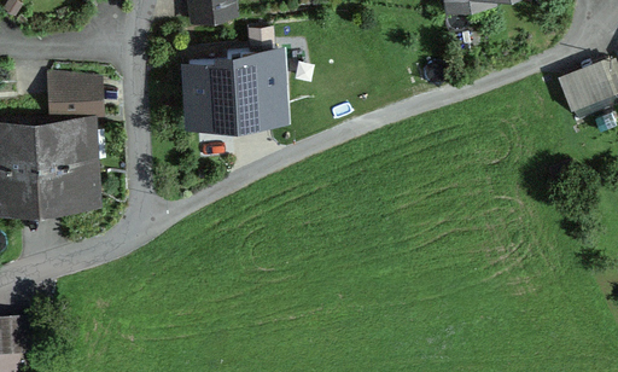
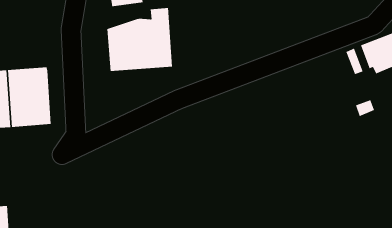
building: [46,77,104,124] -> none

